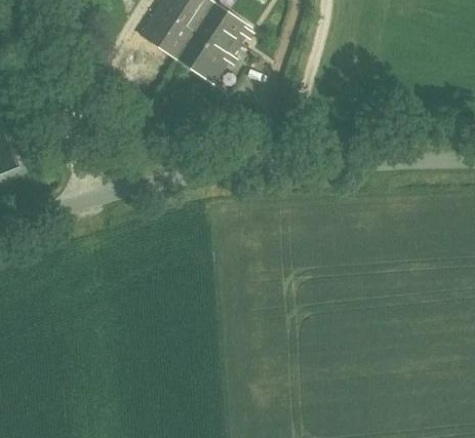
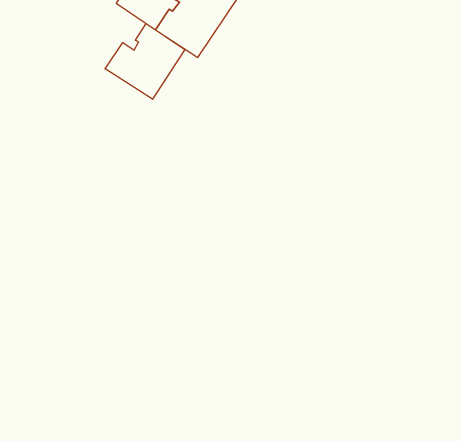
building: none -> [105,24,185,99]

